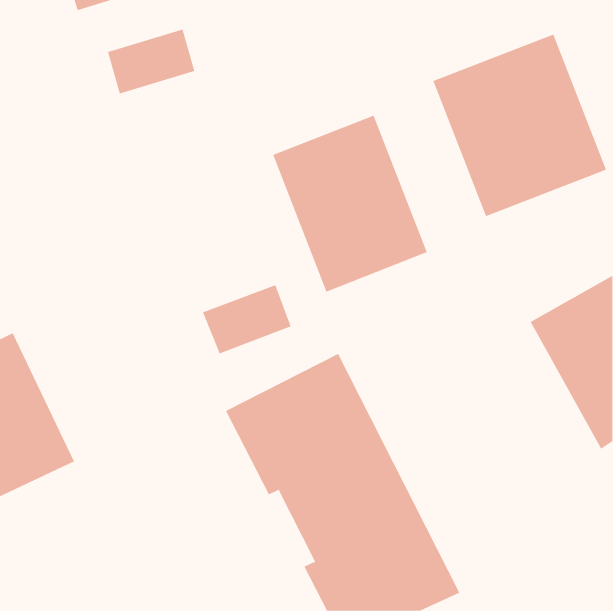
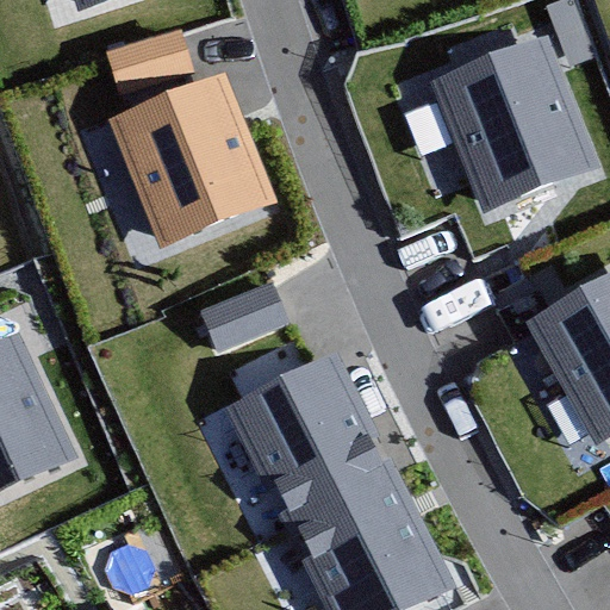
building: none -> [106,70,276,247]
building: [273,115,428,292] -> none

